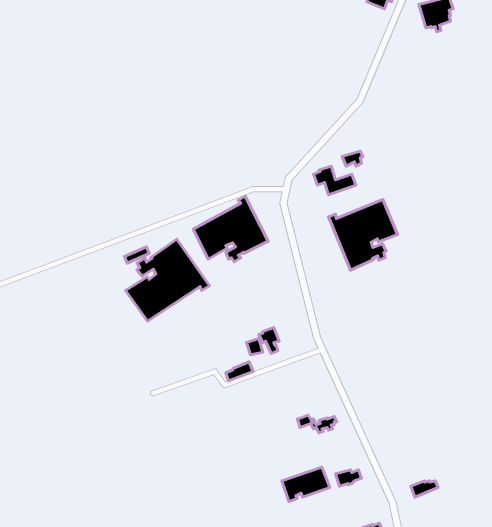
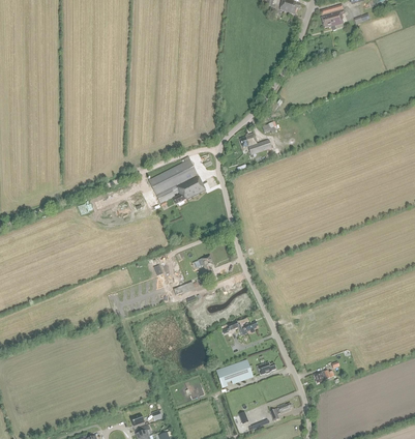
building: [329,199,398,270] -> none
building: [126,239,209,321] -> none

